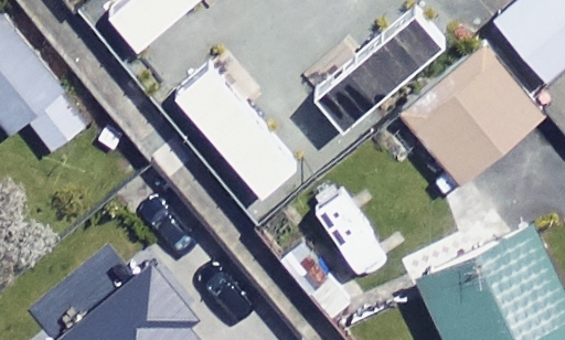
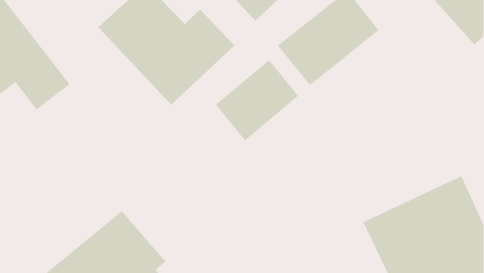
building: [398,36,547,184] -> none

